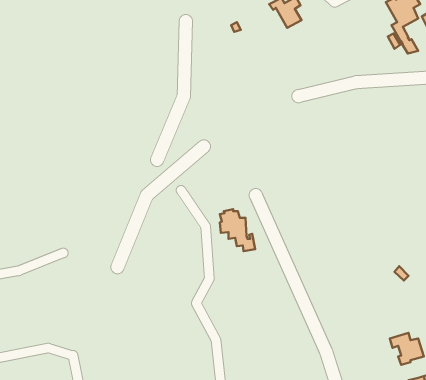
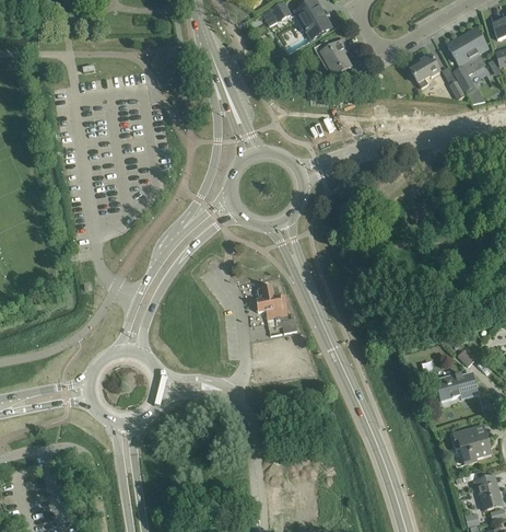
building: none -> [410,55,438,88]
building: none -> [435,372,476,401]

